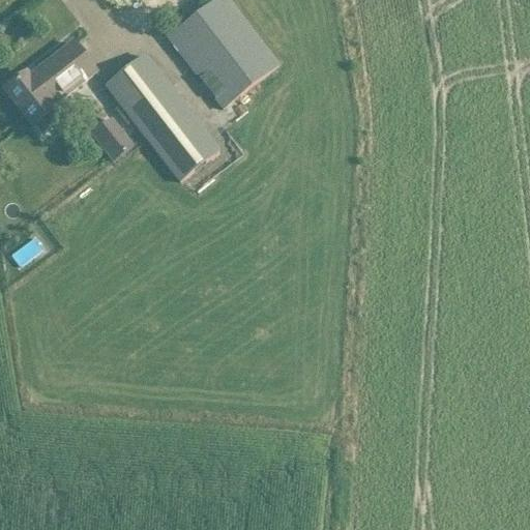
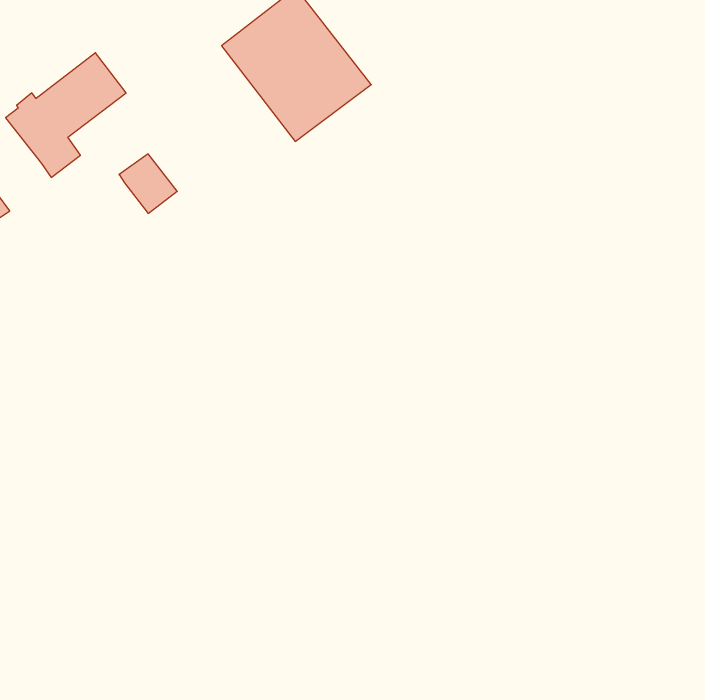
building: [104,52,218,179] -> none

